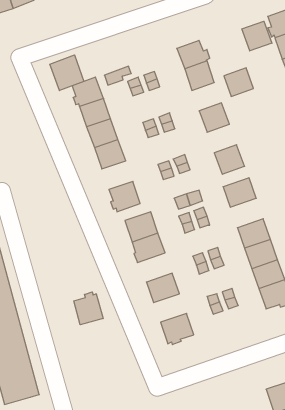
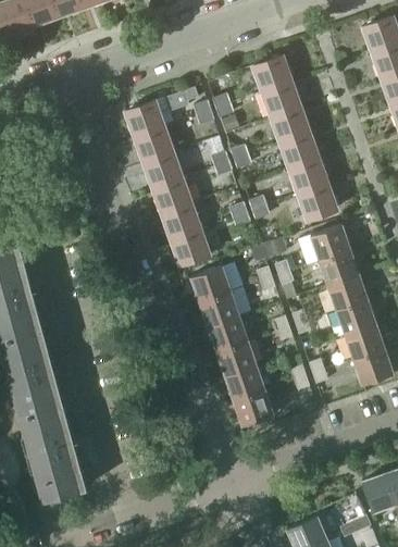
building: [242,21,272,51] -> none
building: [50,55,84,91] -> none
building: [224,68,253,96] -> [272,108,308,142]
building: none -> [290,159,326,194]
building: none -> [162,203,200,238]
building: none -> [319,249,359,285]
building: none -> [206,315,248,351]
building: [74,292,103,325] -> none
building: none -> [225,365,265,400]

